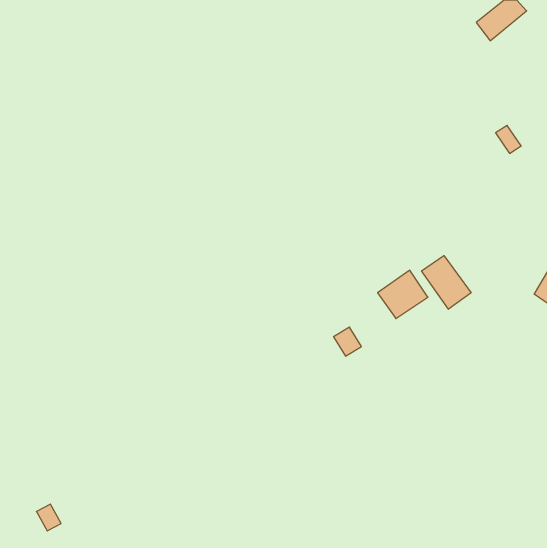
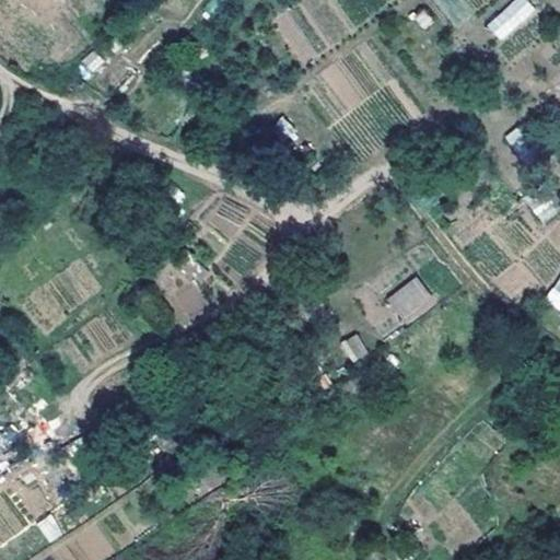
building: [422,256,471,309] -> none

